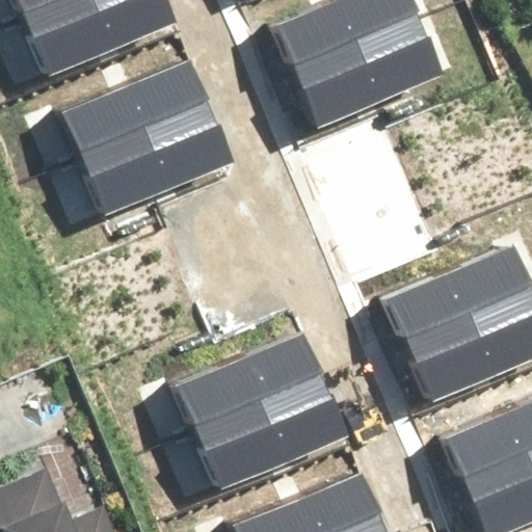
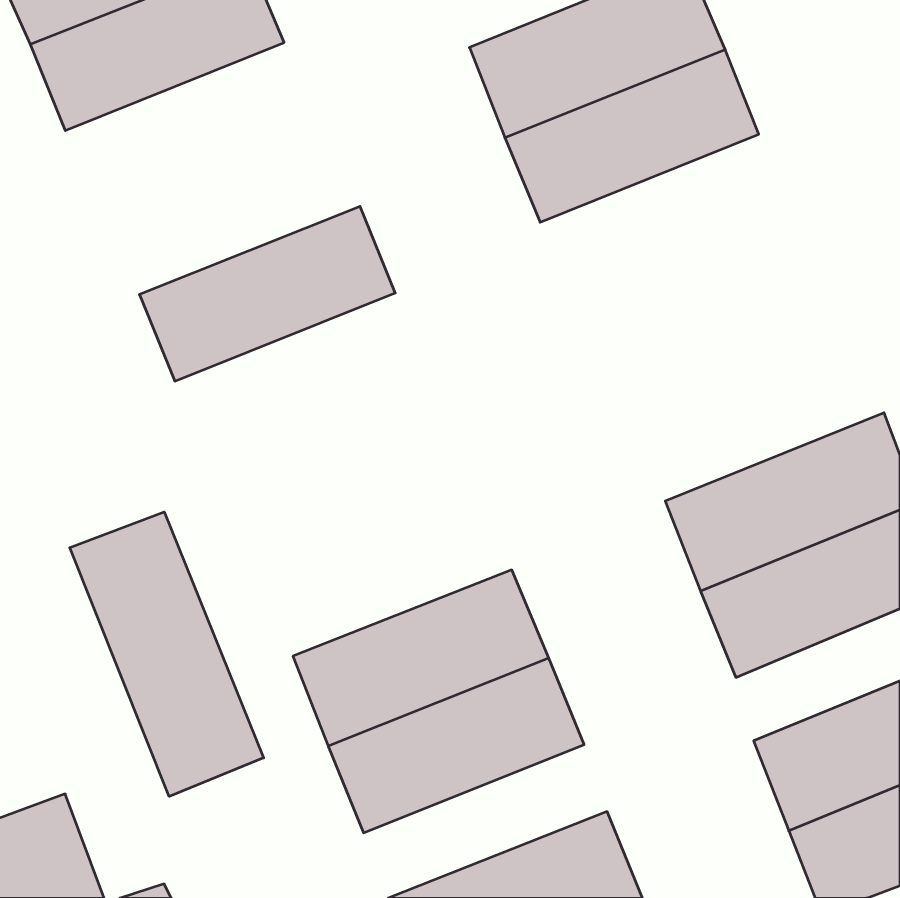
building: [61,70,212,174] -> none
building: none -> [70,512,264,796]

